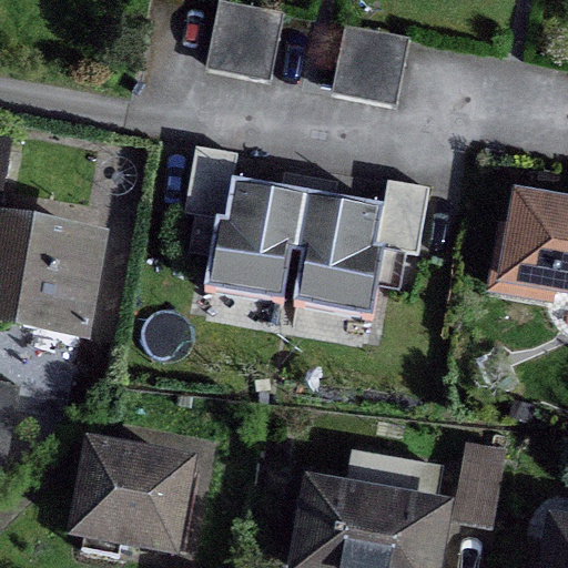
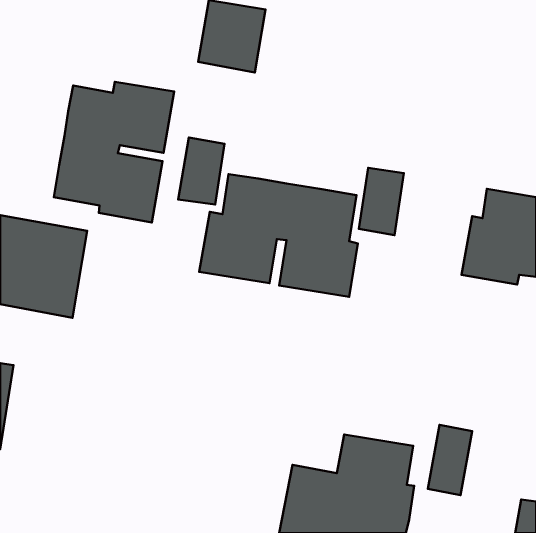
building: [332,22,404,99] -> none
building: none -> [54,82,174,222]
building: [74,453,182,550] -> none

